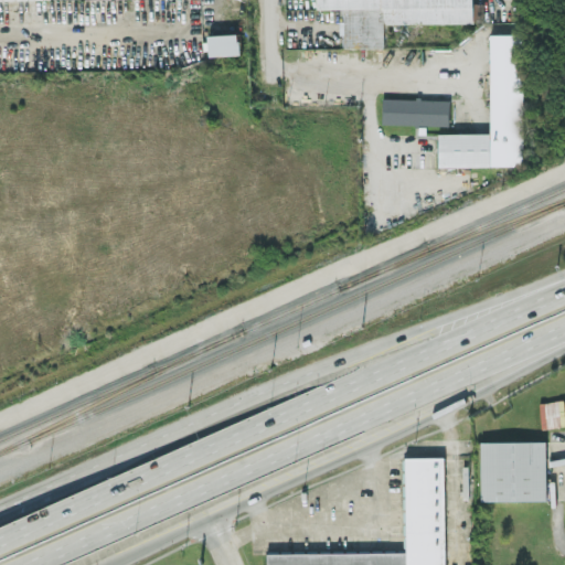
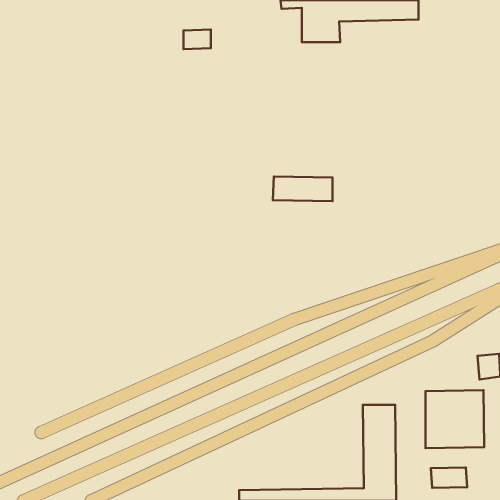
building: [436,34,521,168] -> none
building: [380,98,447,126] -> [273,177,333,201]
building: none -> [431,468,467,488]

